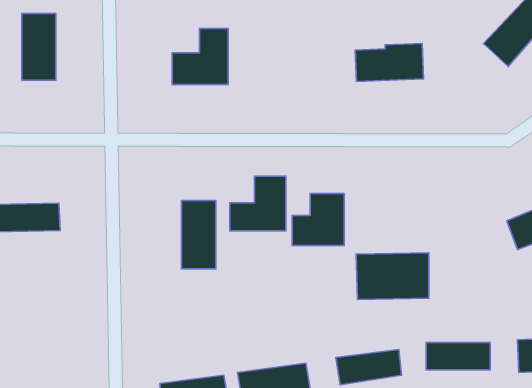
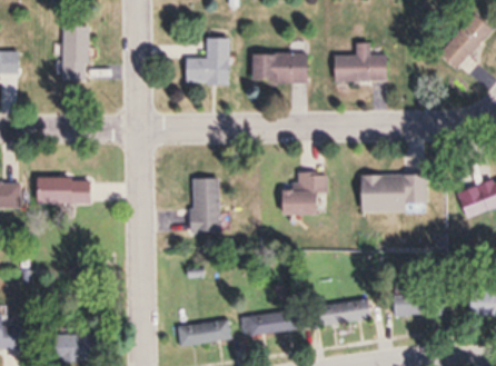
building: none -> [251,53,308,82]
building: [230,176,286,231] -> none
building: [356,253,429,299] -> [359,175,418,212]

